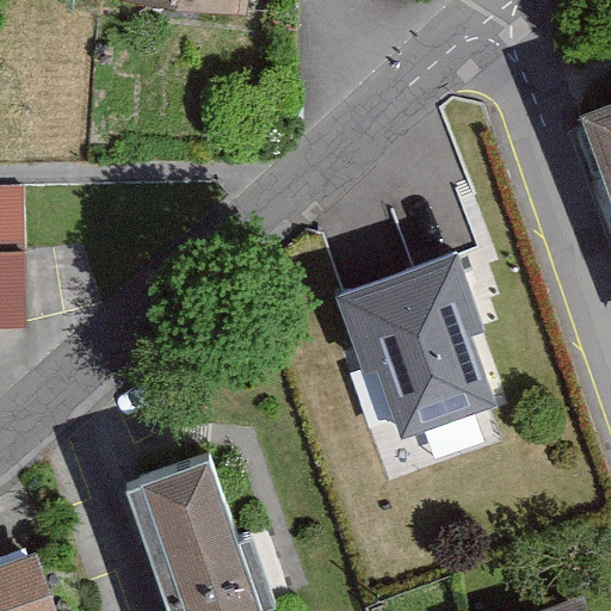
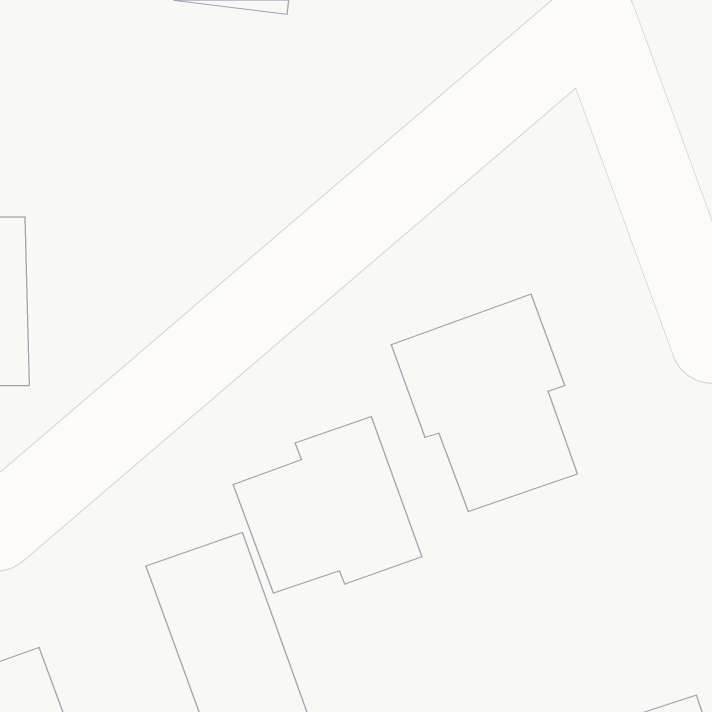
building: none -> [233,416,422,593]

